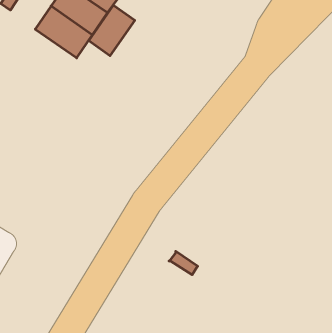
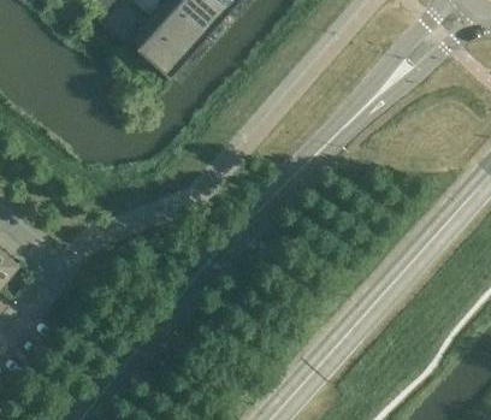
building: [89,5,135,56] -> none

